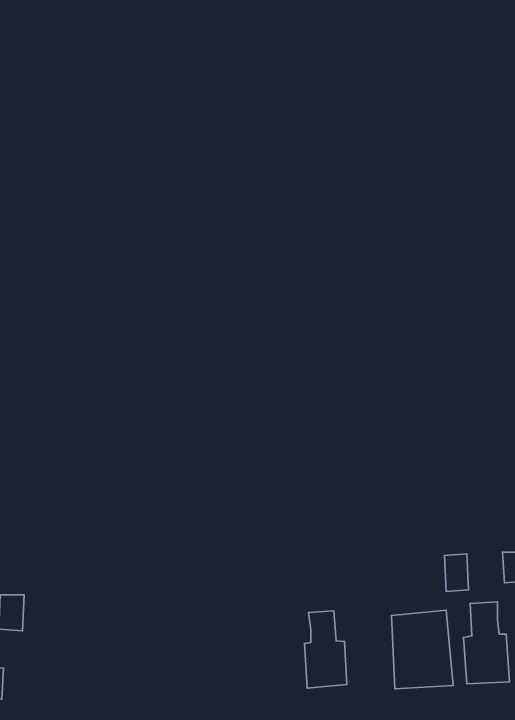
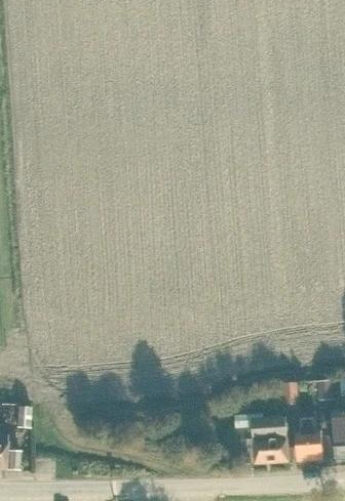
building: [305,611,347,688] -> none

